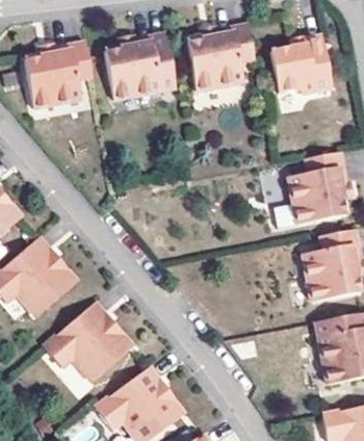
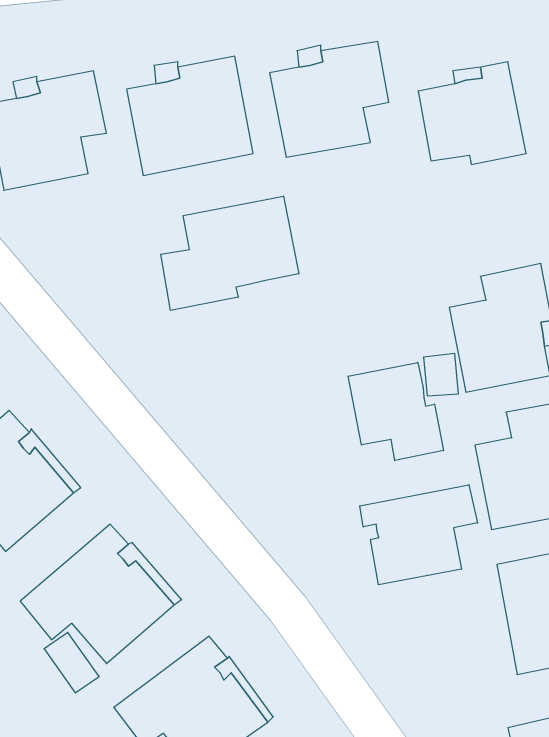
building: none -> [161,196,299,310]
building: none -> [348,362,443,461]
building: none -> [360,485,478,585]

